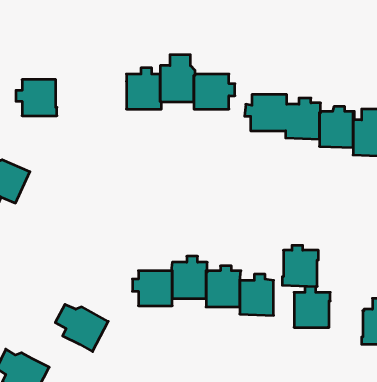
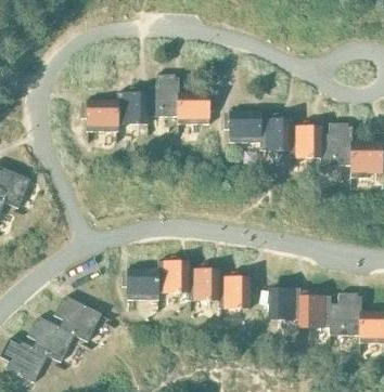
building: [16,80,57,116] -> [81,99,118,131]
building: [282,245,318,286] -> [298,291,331,328]
building: none -> [26,319,75,362]

